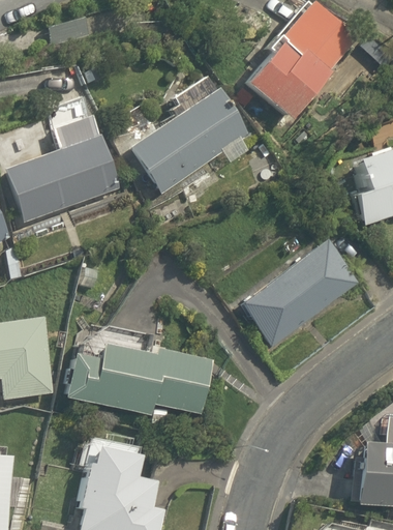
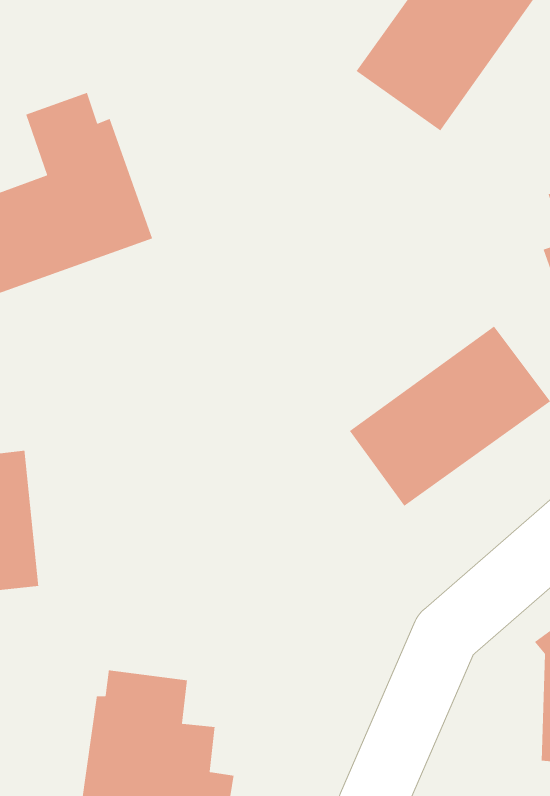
building: [128,91,253,197] -> none
building: [62,329,216,417] -> none

